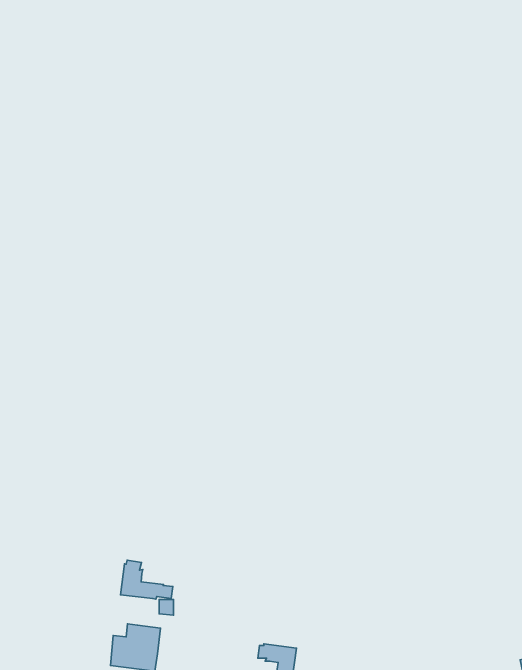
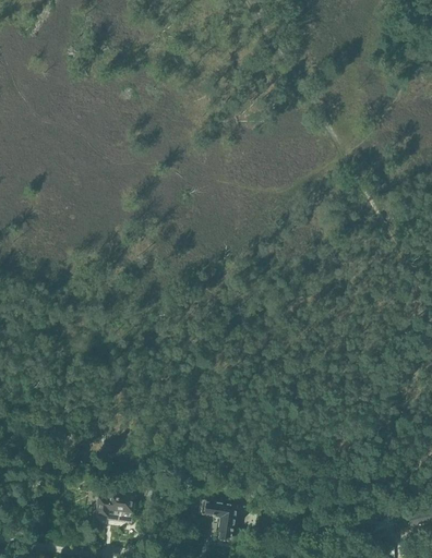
building: [121,560,173,599] -> none

